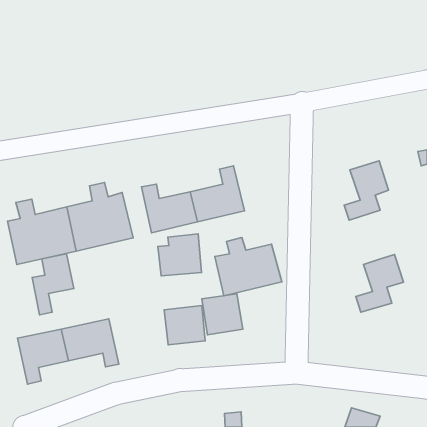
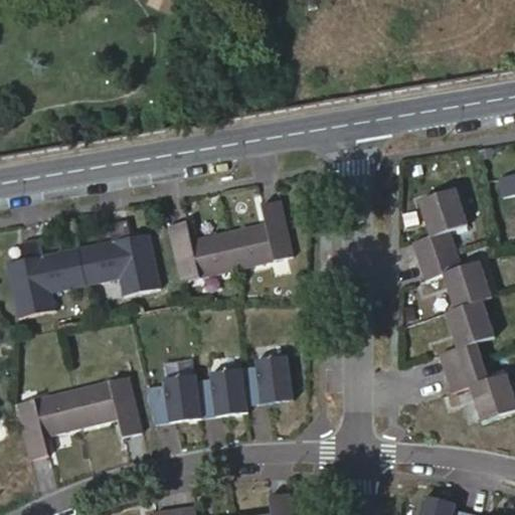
building: none -> [419,252,491,312]
building: [158,234,201,276] -> [148,370,200,420]
building: [215,238,282,296] -> none
building: [32,254,74,315] -> none
building: none -> [434,364,506,419]

